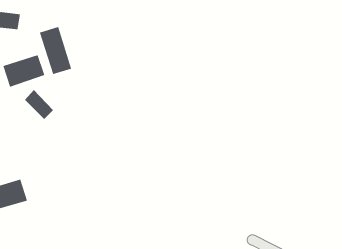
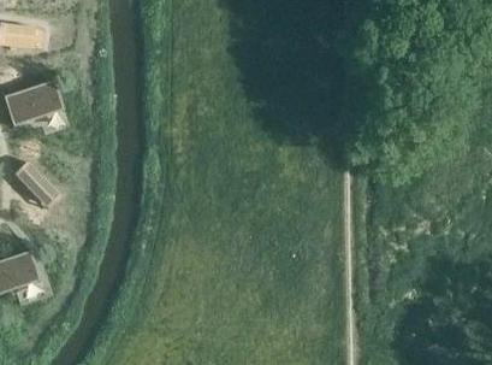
building: [39,26,72,75] -> none
building: [24,89,54,120] -> [14,159,55,201]

